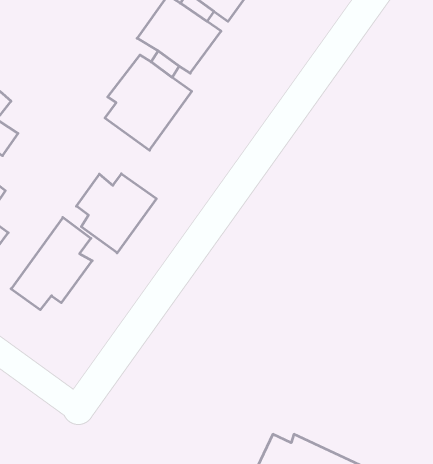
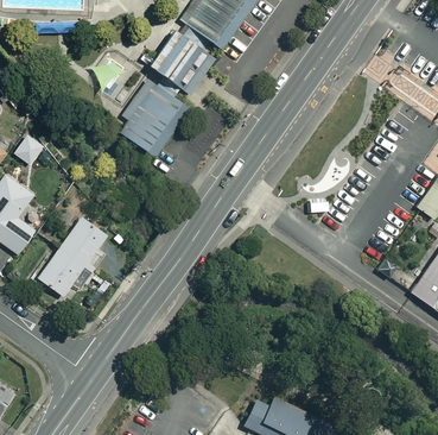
building: [76,174,156,253] -> none

